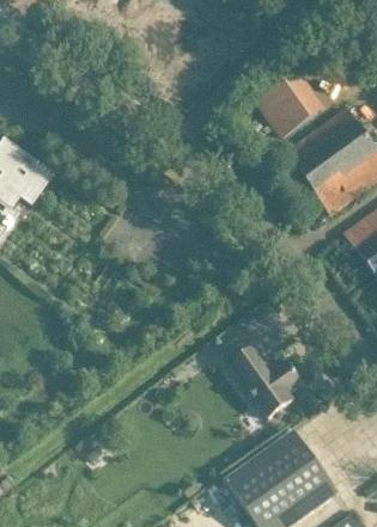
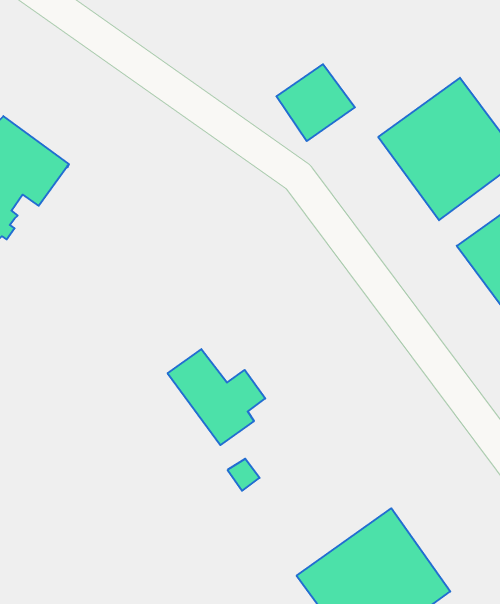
building: [260,80,318,137] -> [276,64,355,141]
building: [229,345,302,417] -> [168,349,265,445]

